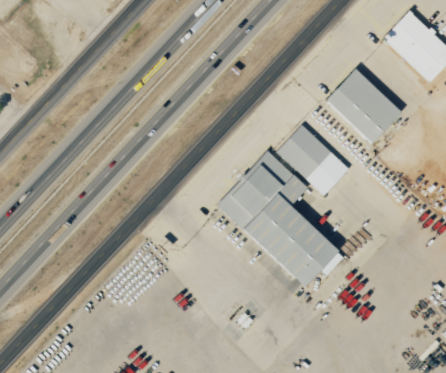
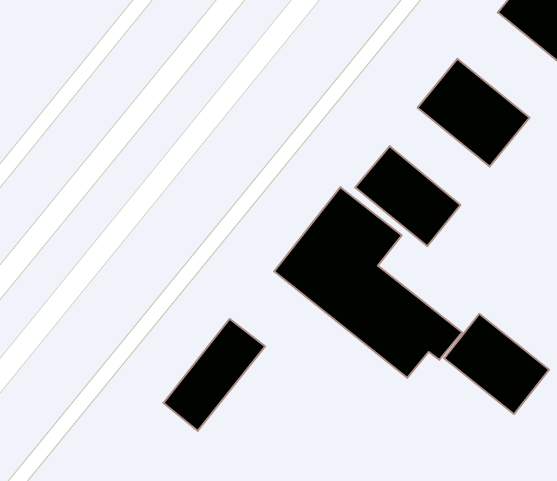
building: none -> [163,319,265,431]
building: none -> [444,314,549,414]

